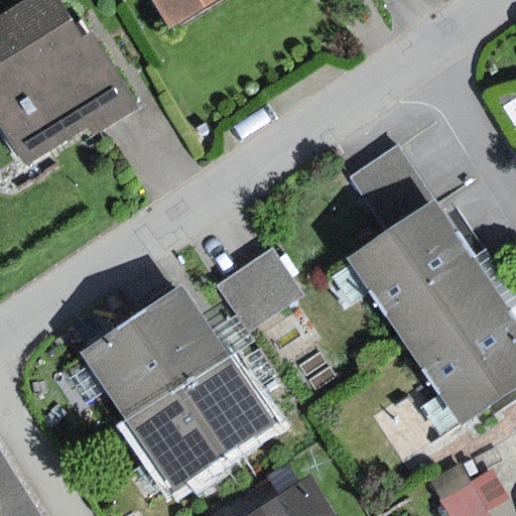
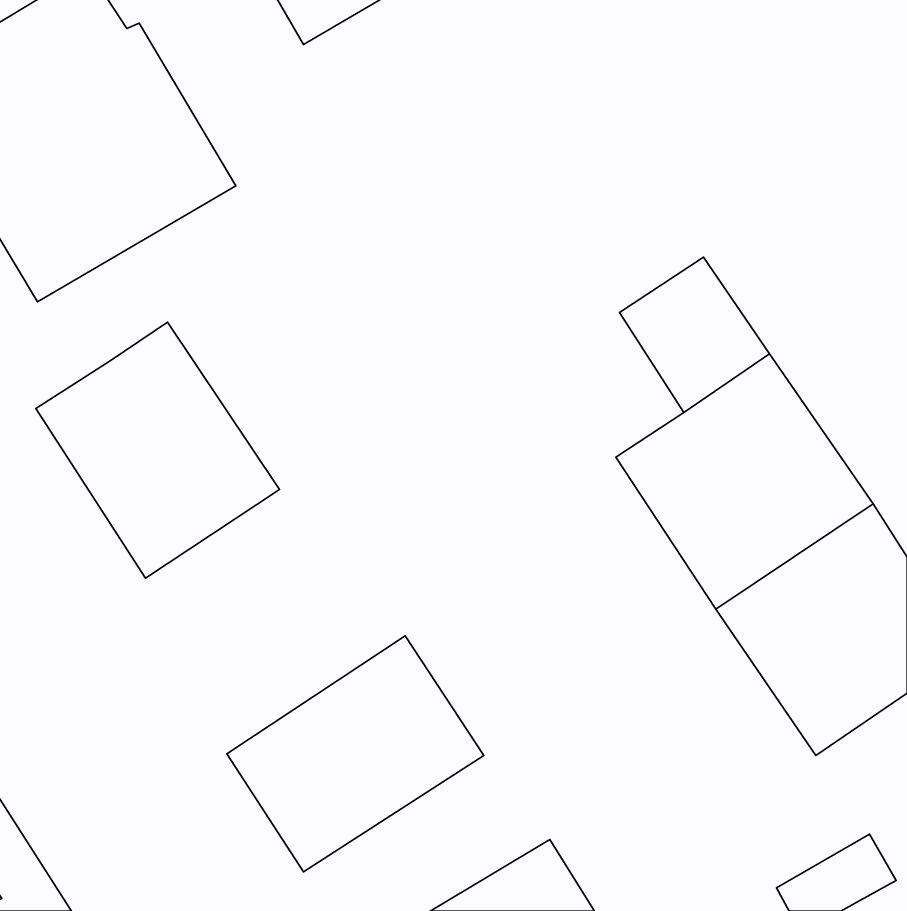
building: none -> [36,322,280,578]
building: [219,250,303,333] -> none
building: [81,287,229,425] -> none

